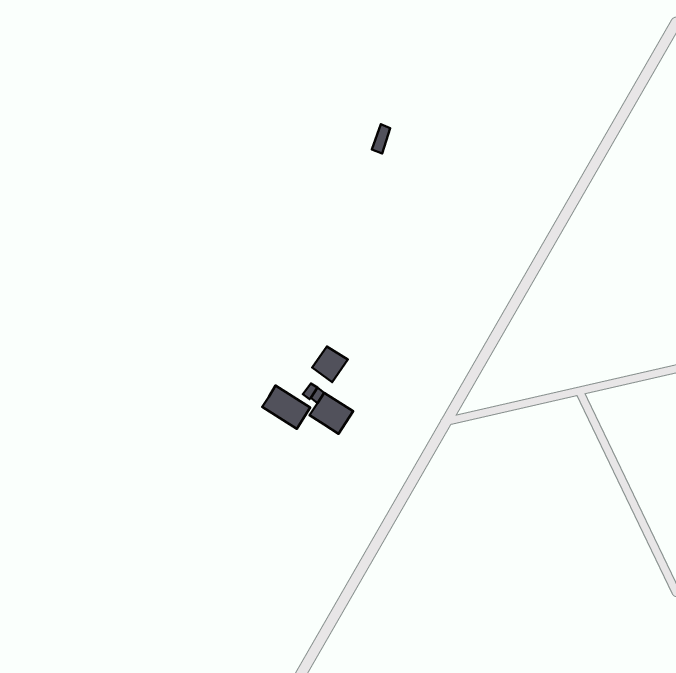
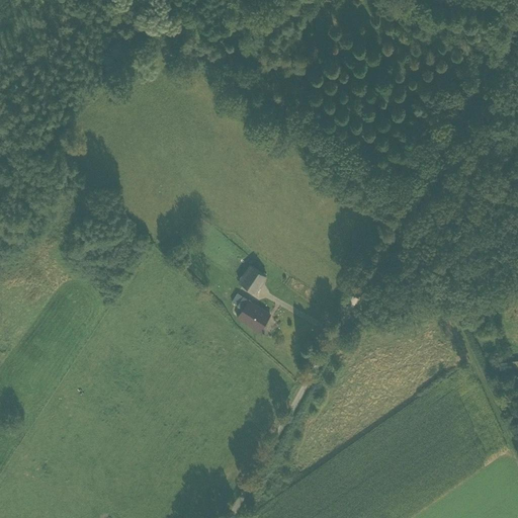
building: [262,385,310,429] -> none

